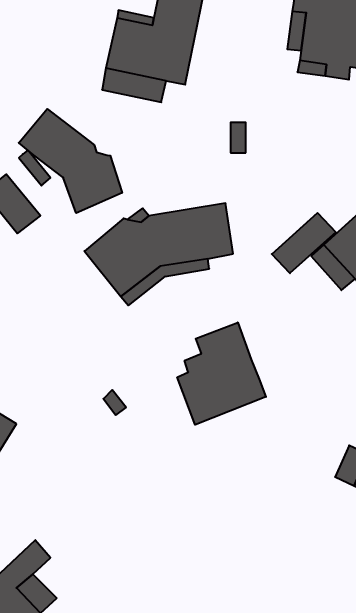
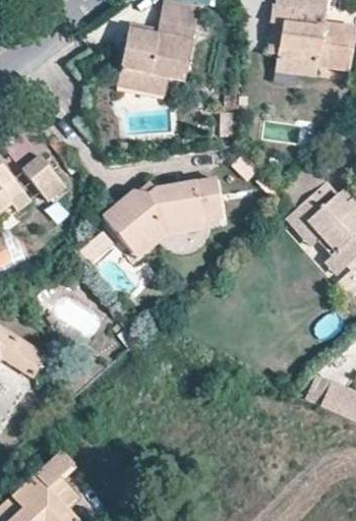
building: [19,109,122,213] -> none
building: [272,213,336,273] -> none
building: [177,322,266,425] -> none

